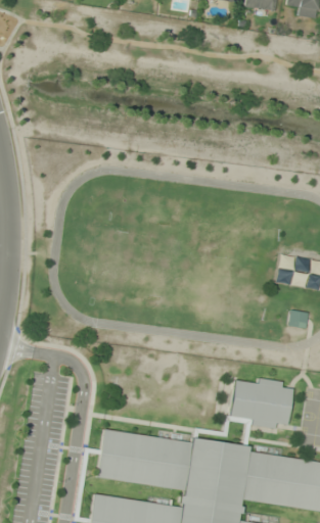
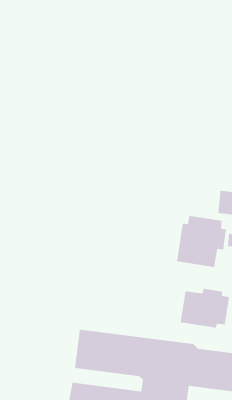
building: none -> [177,215,227,268]

